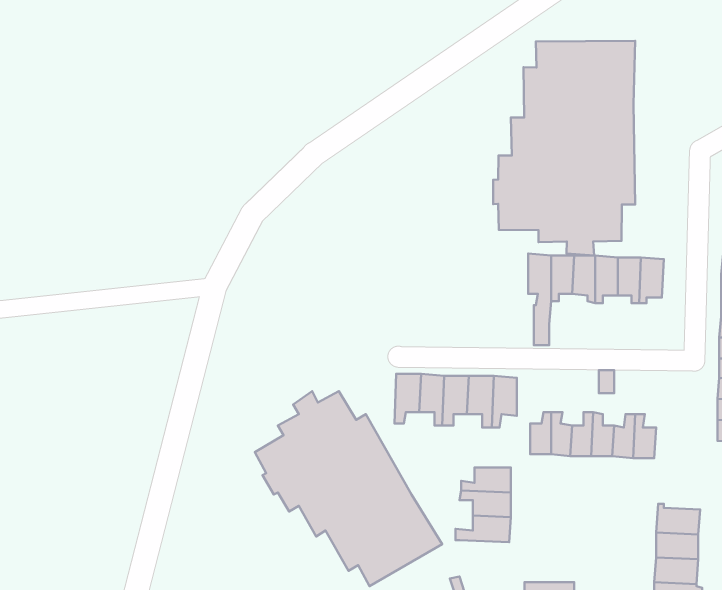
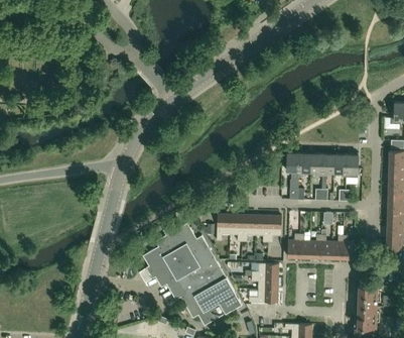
building: [493,41,635,255] -> none

